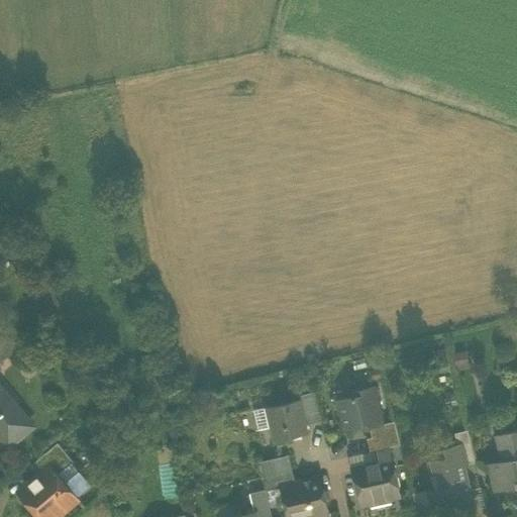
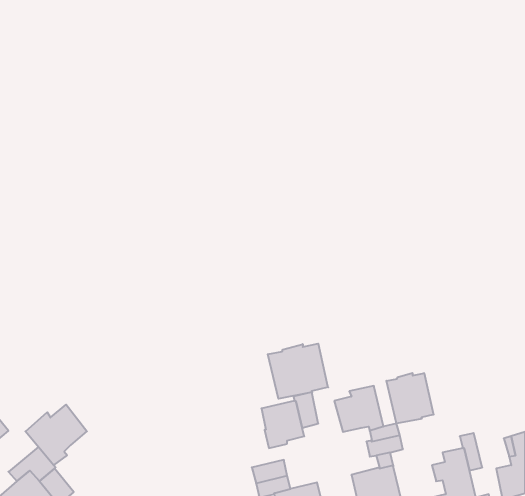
building: none -> [268,344,328,399]
building: none -> [386,373,434,423]
building: none -> [25,405,87,465]

